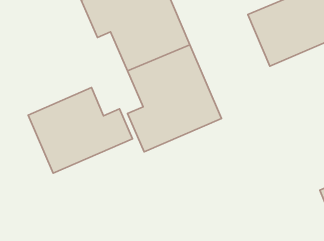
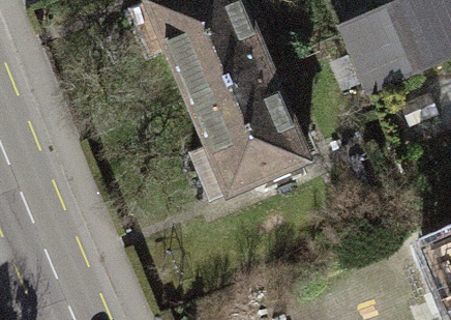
building: [28,87,133,173] -> none

